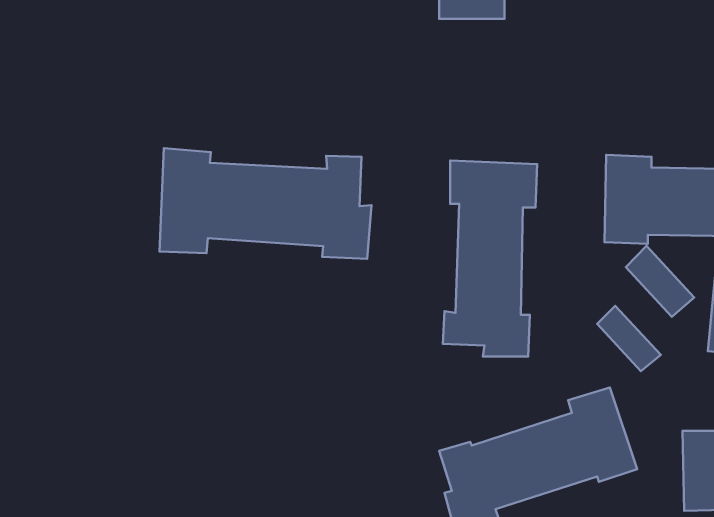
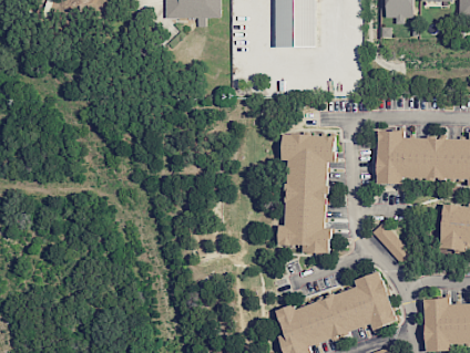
building: [160,148,371,259] -> none
building: [626,246,694,317] -> none

